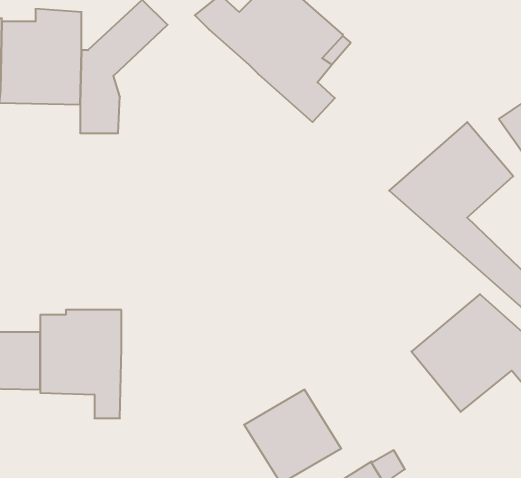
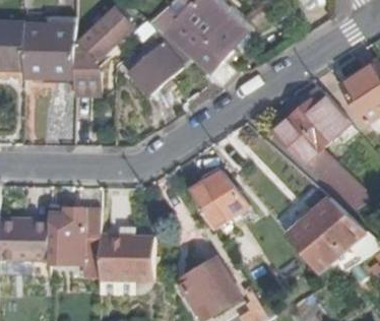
building: none -> [128,29,187,94]
building: none -> [188,171,248,229]
building: none -> [99,233,152,279]

